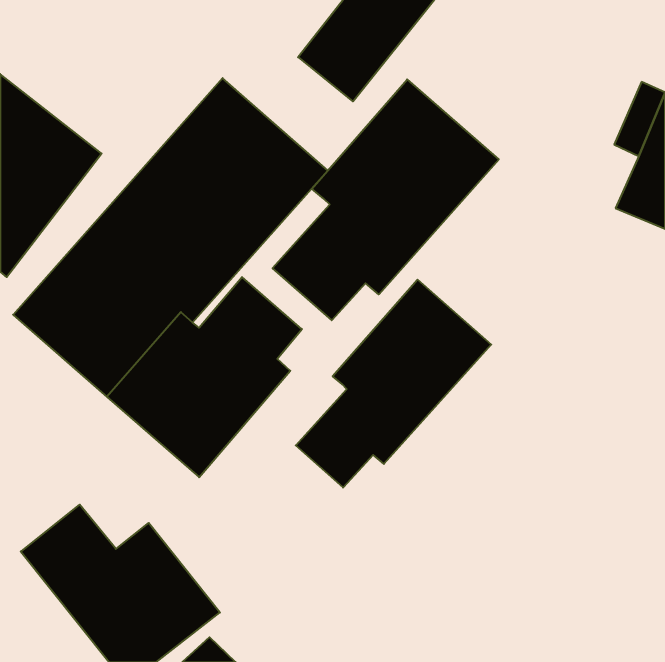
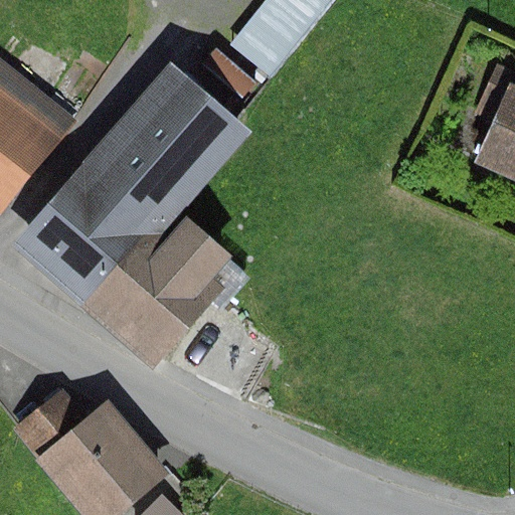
building: [273,79,499,320] -> none
building: [296,280,491,488] -> none

